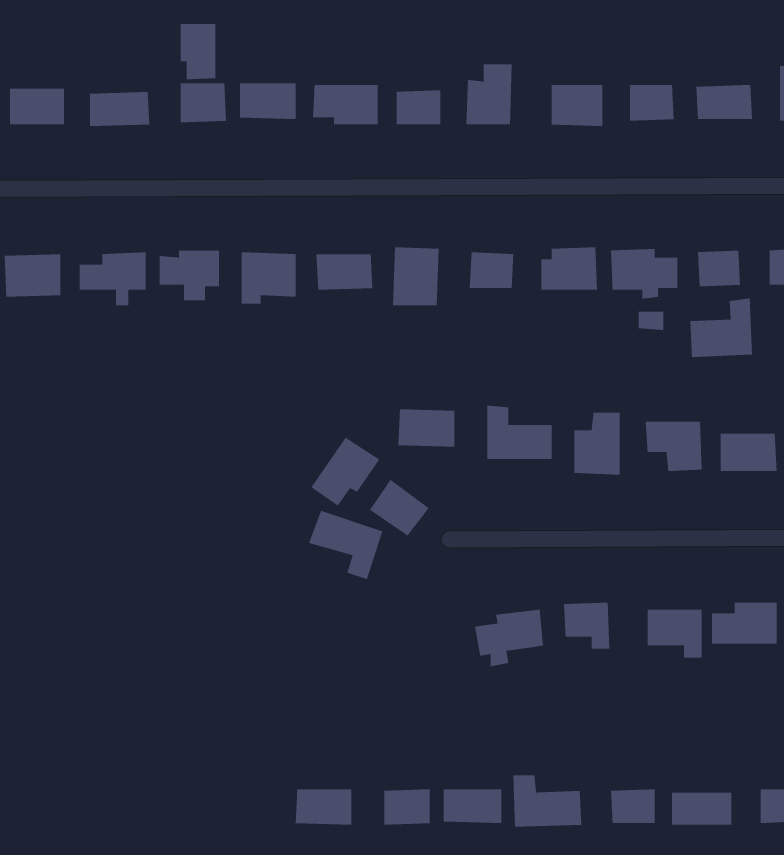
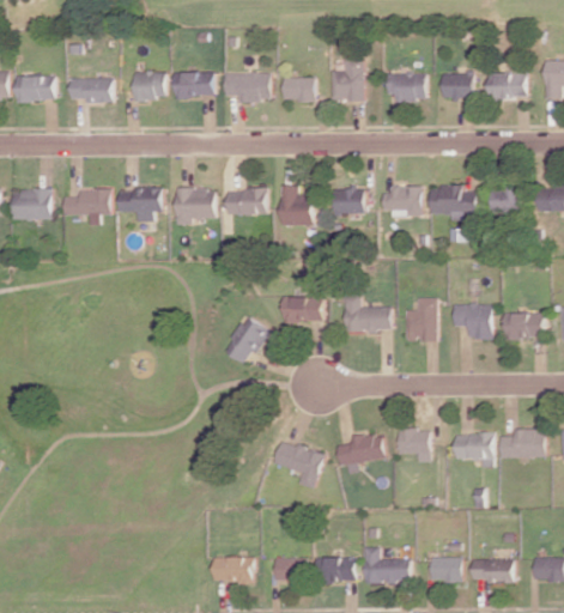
building: [180,23,216,80] -> none
building: [690,298,753,358] -> none
building: [369,479,429,537] -> none
building: [308,510,383,580] -> [272,441,323,488]

